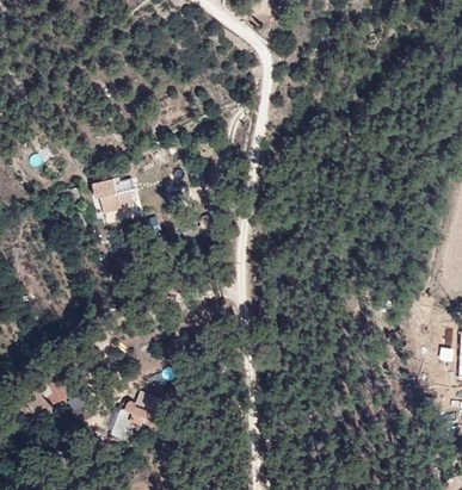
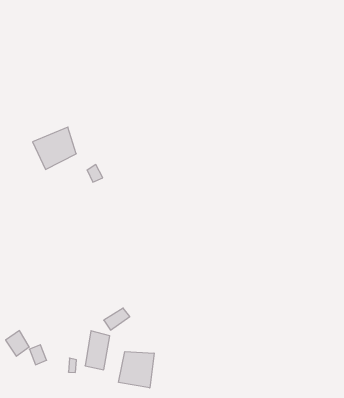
building: none -> [119,352,154,388]

